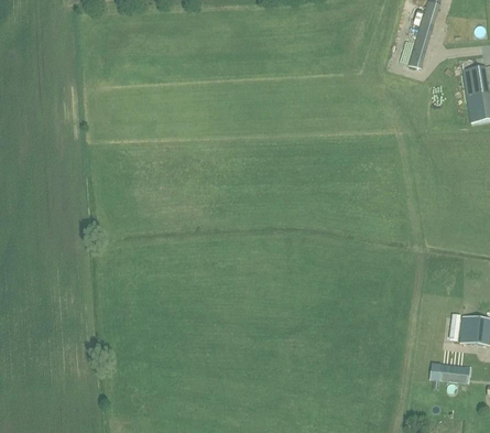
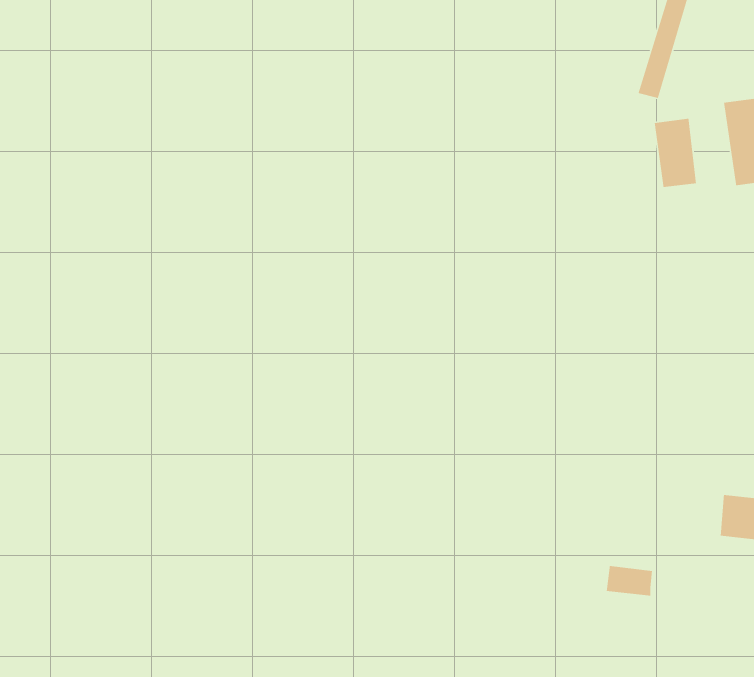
building: none -> [654,118,697,188]
building: [438,362,468,382] -> [606,565,653,597]

